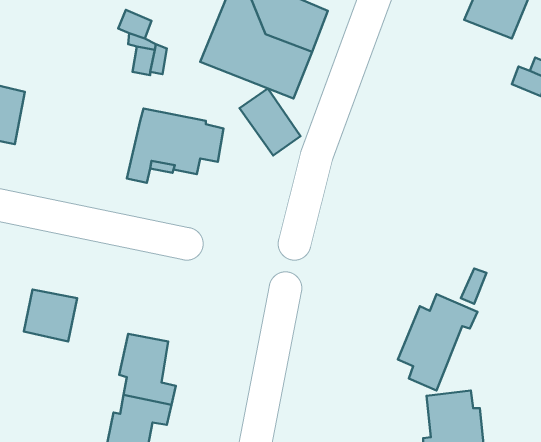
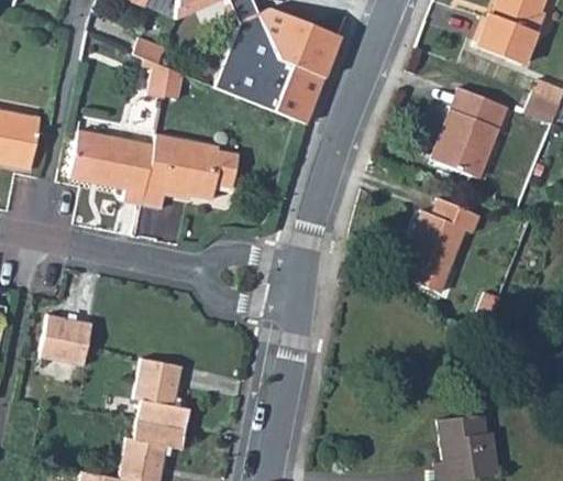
building: none -> [432,87,507,178]
building: [239,89,301,156] -> none
building: none -> [70,131,155,204]
building: [398,294,478,391] -> [401,197,481,293]

